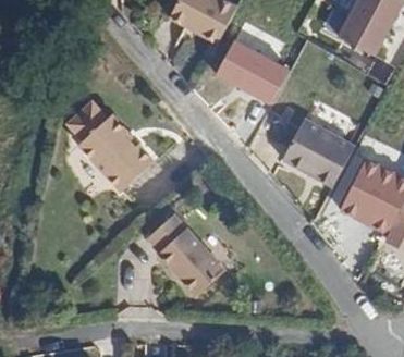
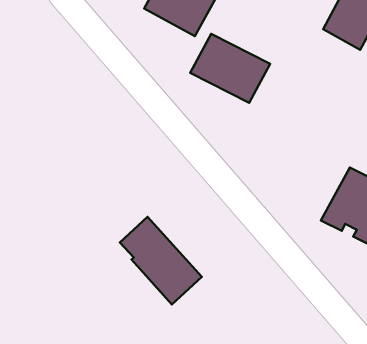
building: [68,102,154,193] -> none
building: [278,121,354,193] -> none

